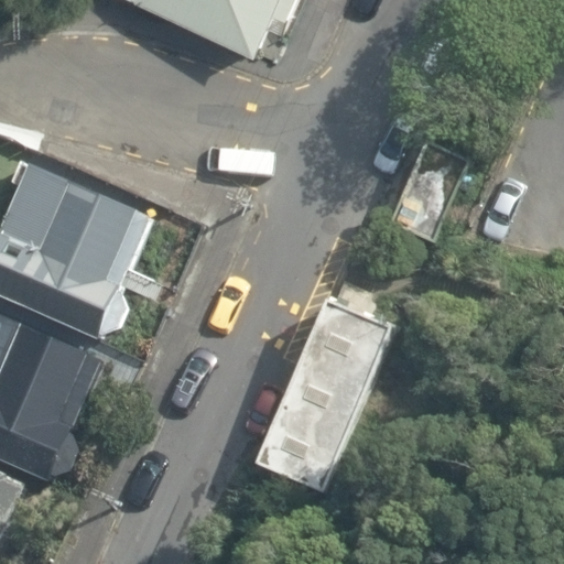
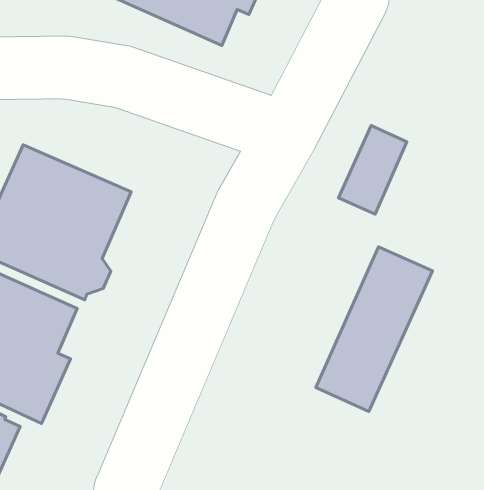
building: [256,301,389,489] -> [316,247,432,412]

